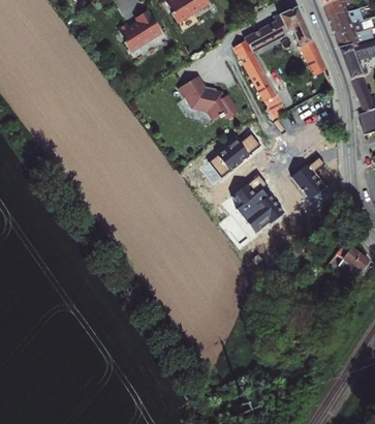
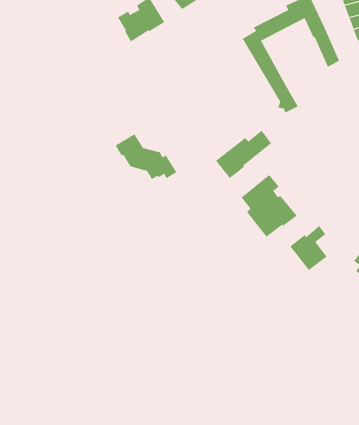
building: [183,85,241,128] -> [115,133,177,180]
building: [291,156,326,199] -> [290,225,327,271]

